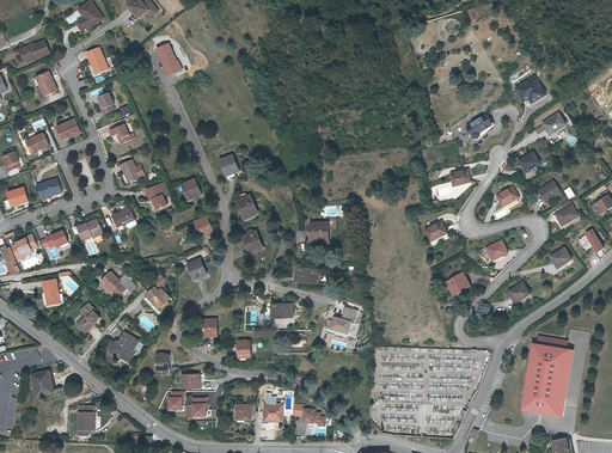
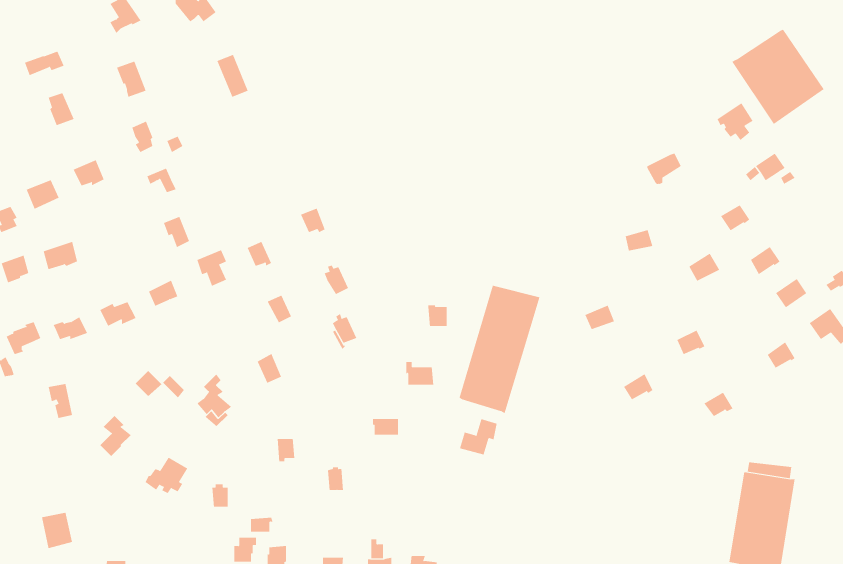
building: none -> [731,29,824,125]
building: none -> [459,285,540,414]

